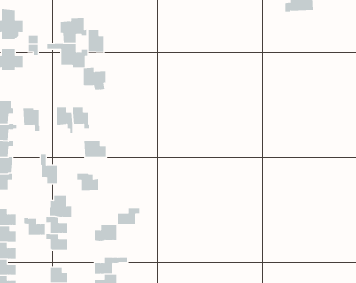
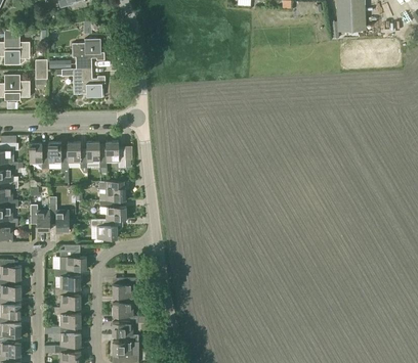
building: [88,29,104,53] -> none
building: [83,67,106,90] -> [106,141,132,168]
building: none -> [48,142,69,172]
building: none -> [100,200,126,220]
building: none -> [30,205,50,231]
building: [117,208,140,225] -> [112,297,138,316]
building: [23,217,46,235] -> [55,307,81,327]

